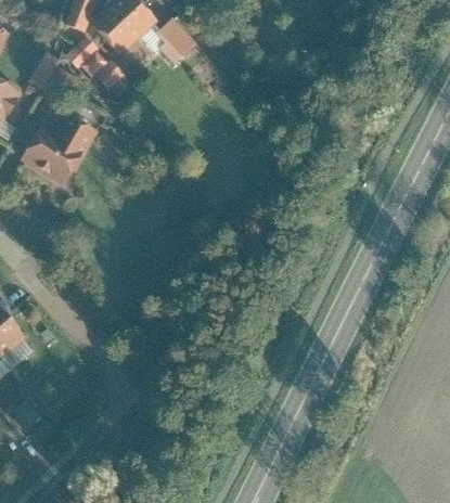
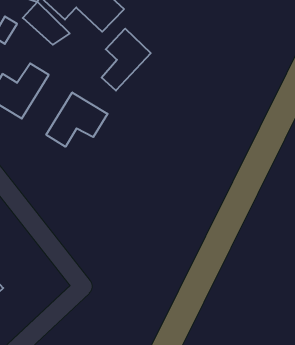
building: none -> [102,29,151,91]
building: none -> [46,92,108,147]

